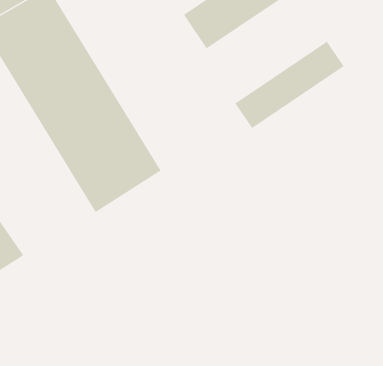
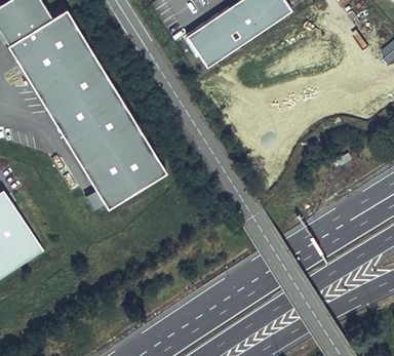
building: [235,41,344,129] -> none

